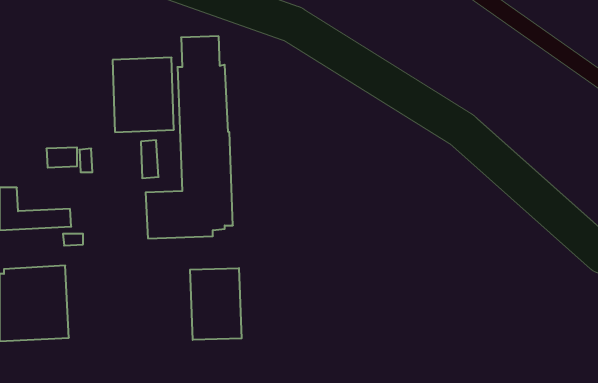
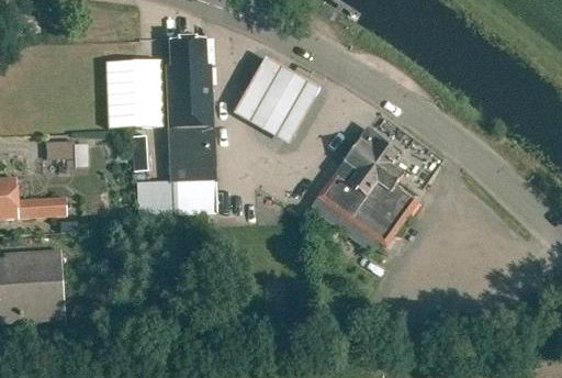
building: none -> [231,48,319,137]
building: none -> [317,130,417,246]
building: [190,268,242,340] -> none

